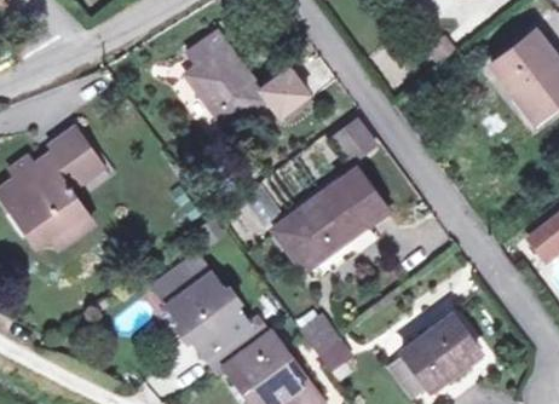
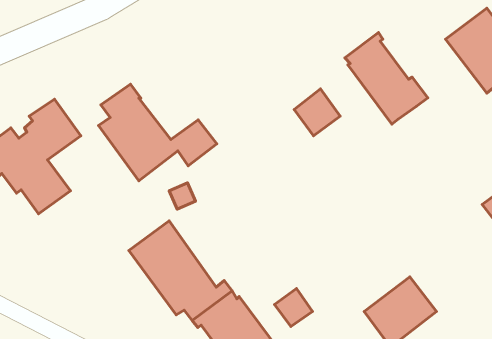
building: [184,29,309,131] -> [99,84,217,181]
building: none -> [345,33,428,124]
building: [273,168,386,271] -> none

